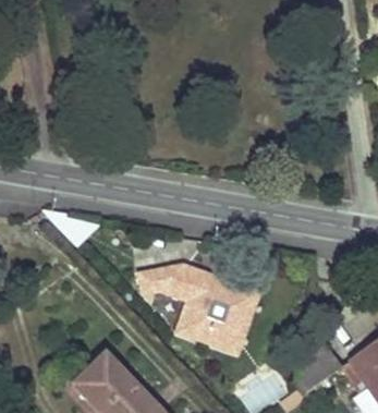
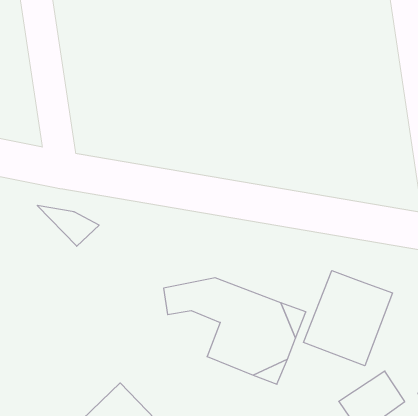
building: none -> [303,271,392,366]

